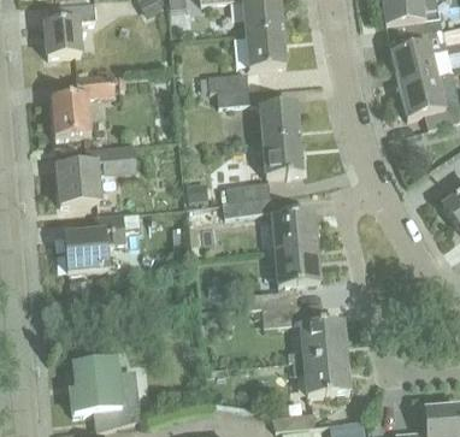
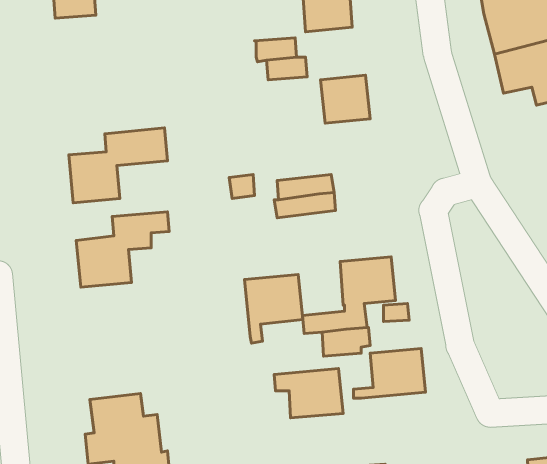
building: [51,73,113,136] -> none
building: [263,136,301,175] -> none
building: [271,211,315,250] -> none
building: none -> [244,274,303,343]
building: [291,355,347,395] -> [274,368,343,418]

